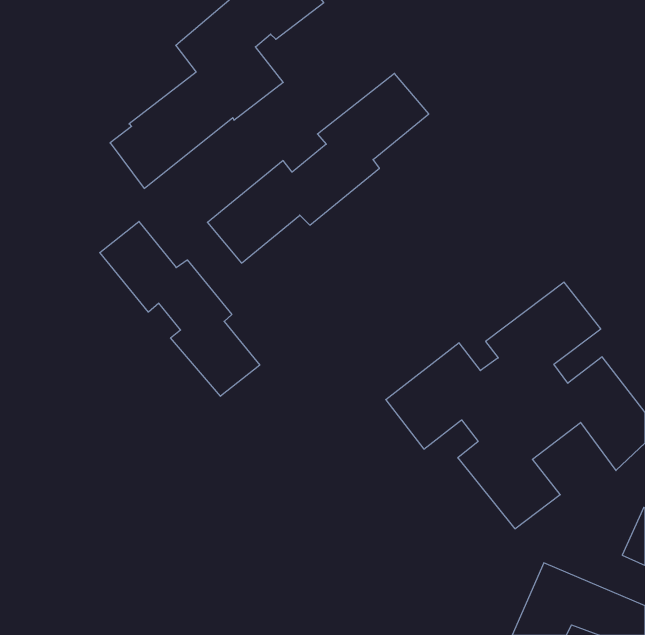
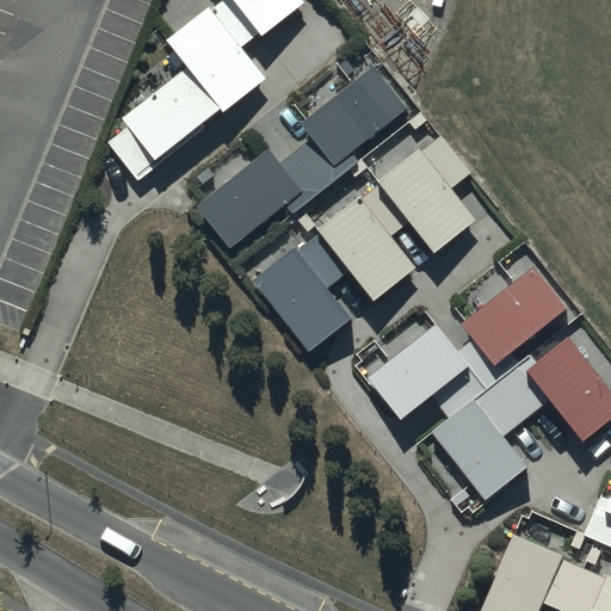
building: none -> [252,130,477,352]
building: [100,221,260,396] -> none

